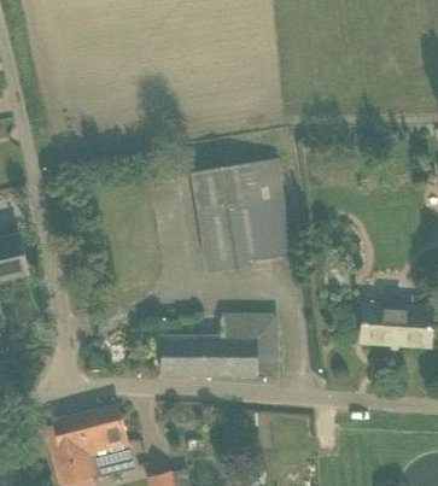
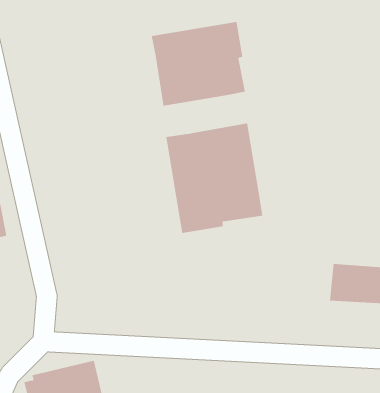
building: none -> [151,21,245,107]
building: [162,317,278,375] -> none

